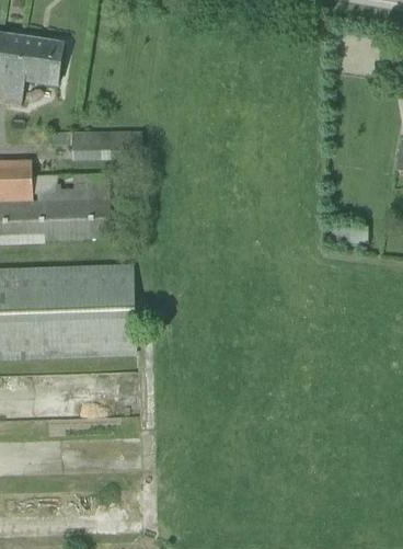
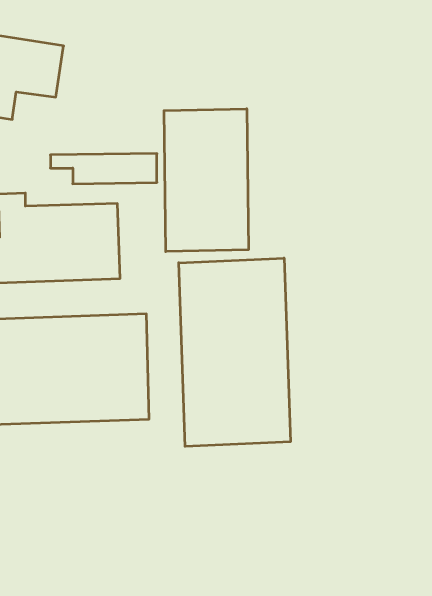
building: none -> [164,109,248,252]
building: none -> [179,258,290,446]

